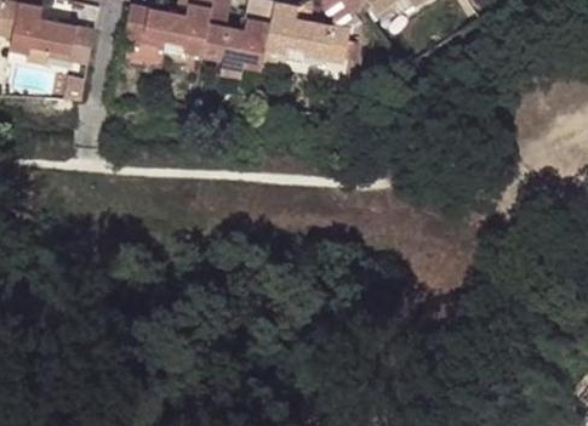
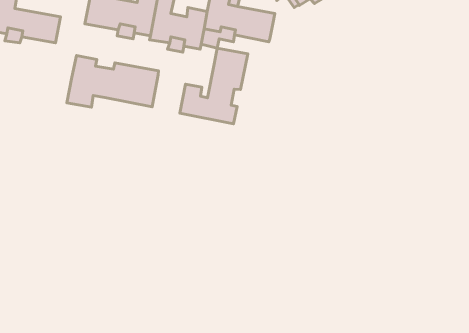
building: none -> [180,48,248,124]
building: none -> [67,56,158,107]

